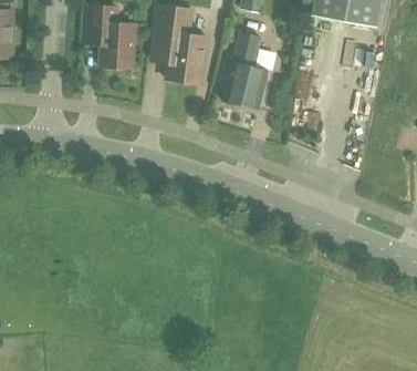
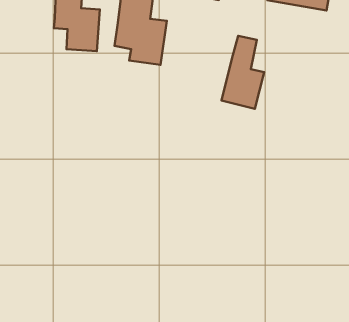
building: [222,31,268,109] -> [221,36,264,109]

